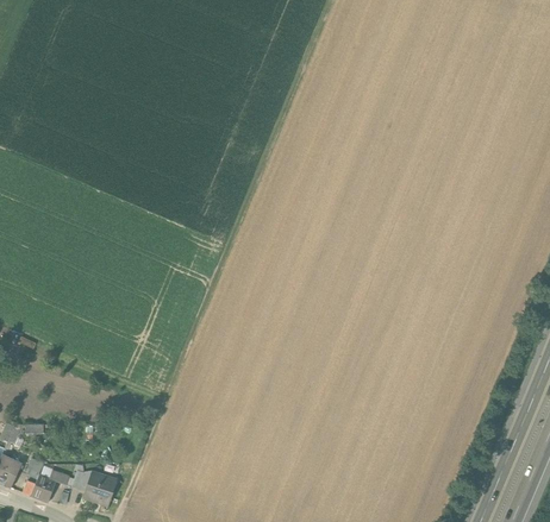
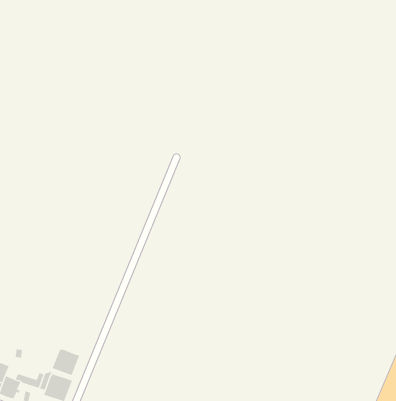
building: none -> [52,348,80,376]

